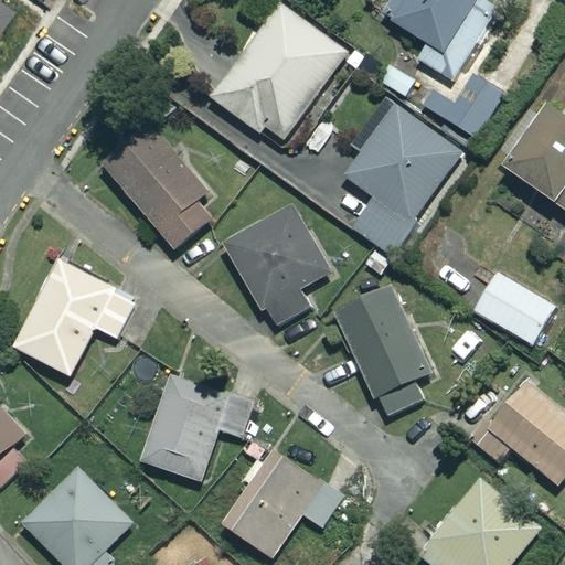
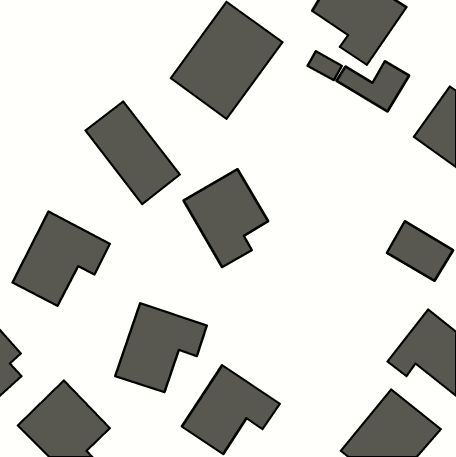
building: [345,105,459,253] -> none
building: [334,287,431,417] -> none

